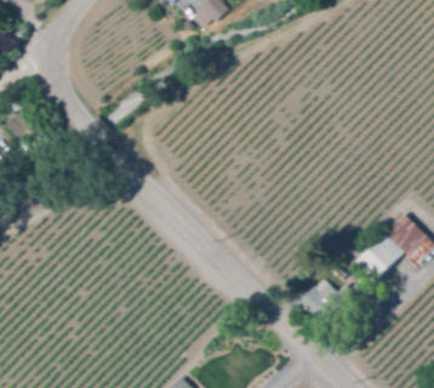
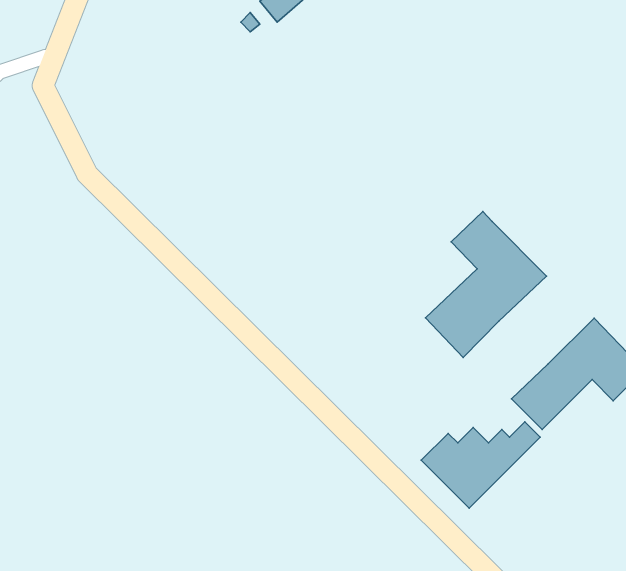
building: none -> [425,212,546,357]

